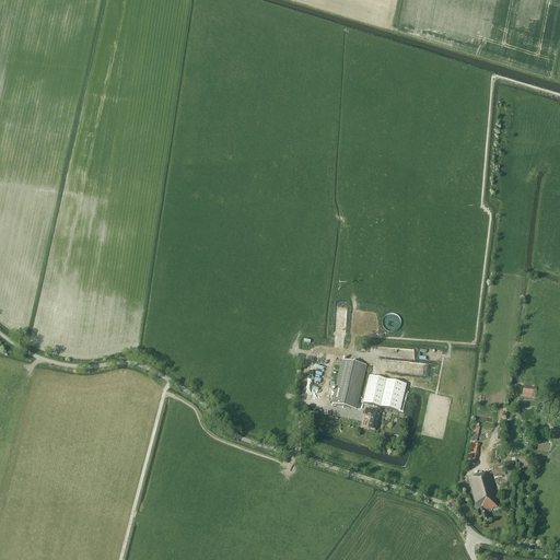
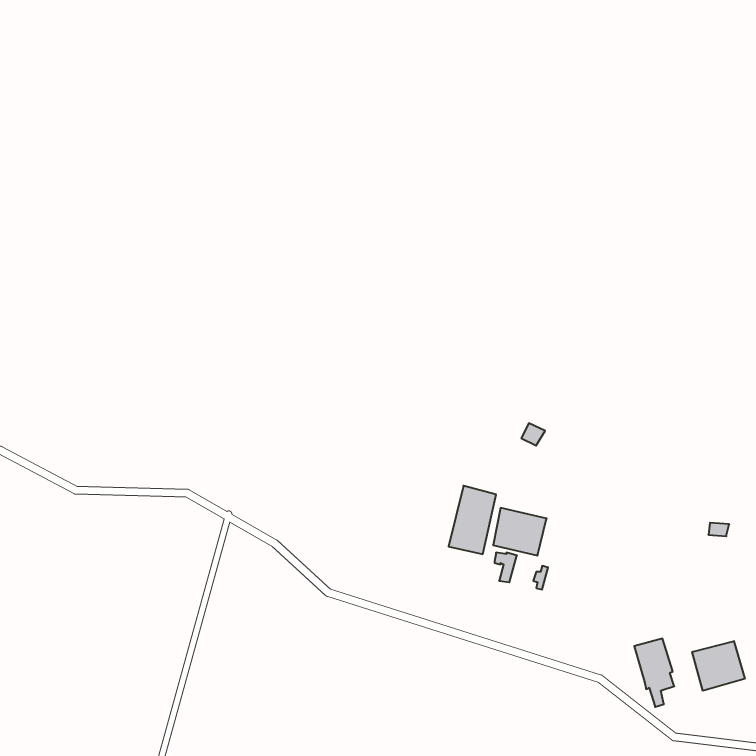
building: none -> [692,641,745,691]

